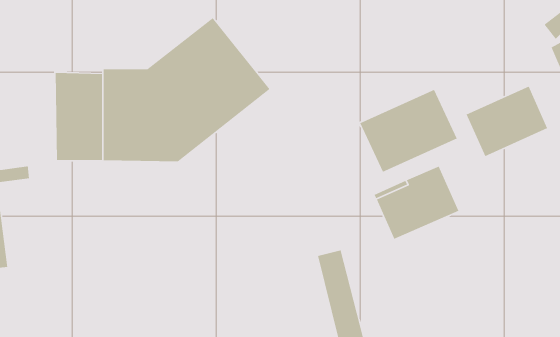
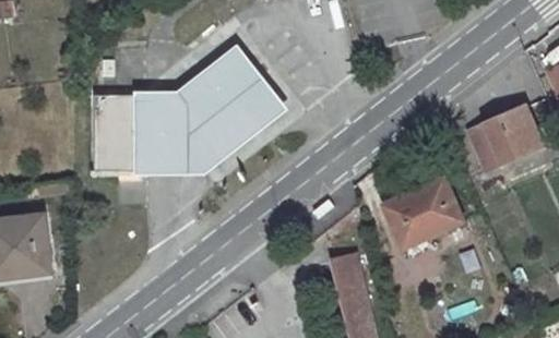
building: [359,89,458,173] -> none

